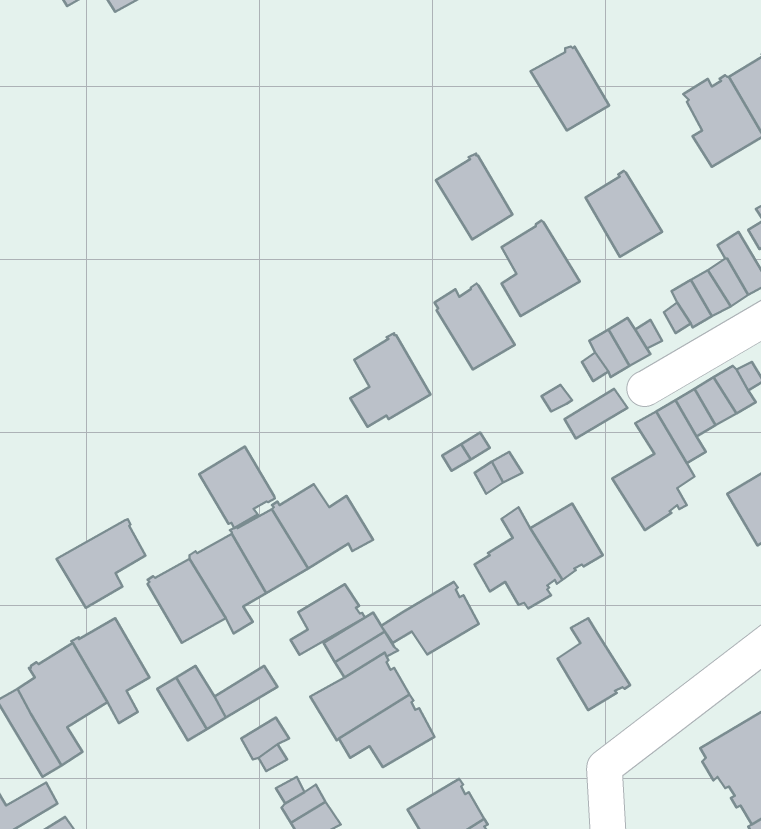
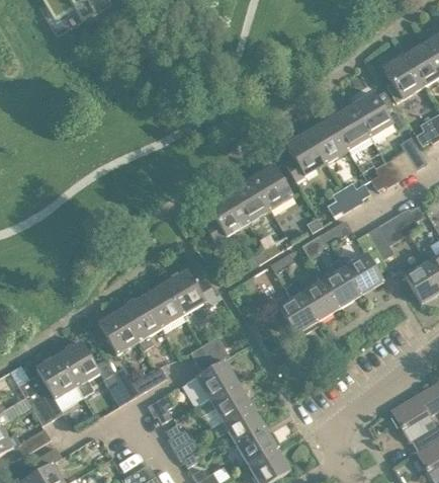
building: [531,46,609,131] -> [351,92,392,137]
building: [436,153,512,239] -> [308,117,348,163]
building: none -> [230,177,270,223]
building: [199,446,275,528] -> none
building: [57,519,145,608] -> none
building: [381,582,479,654] -> [211,404,263,442]
building: [290,584,365,655] -> none
building: [557,618,630,710] -> [323,259,361,308]

